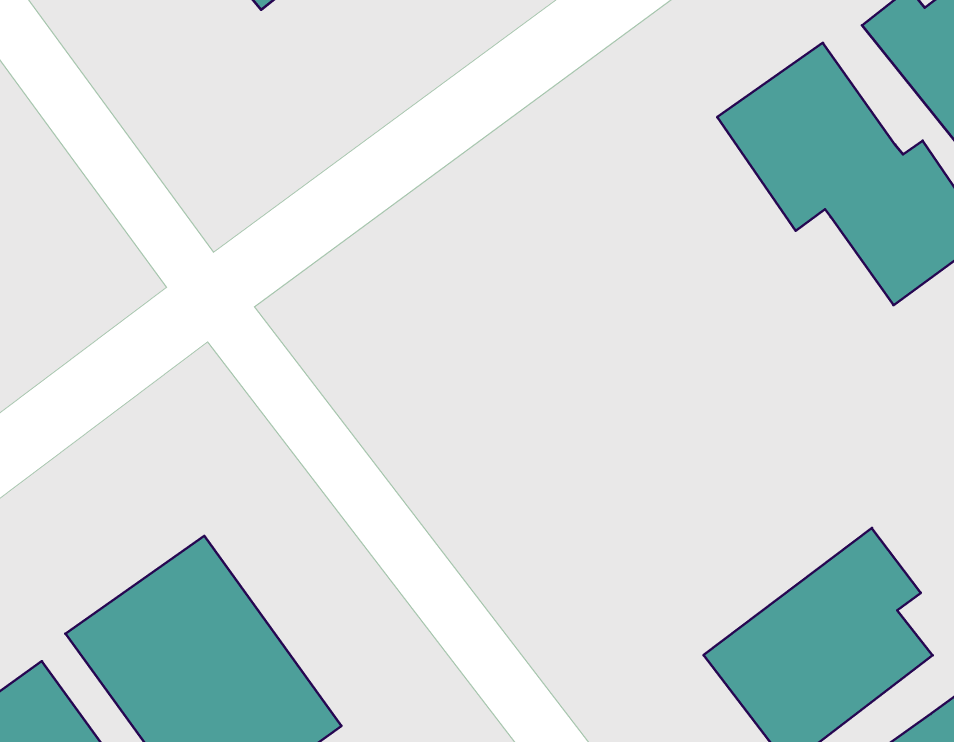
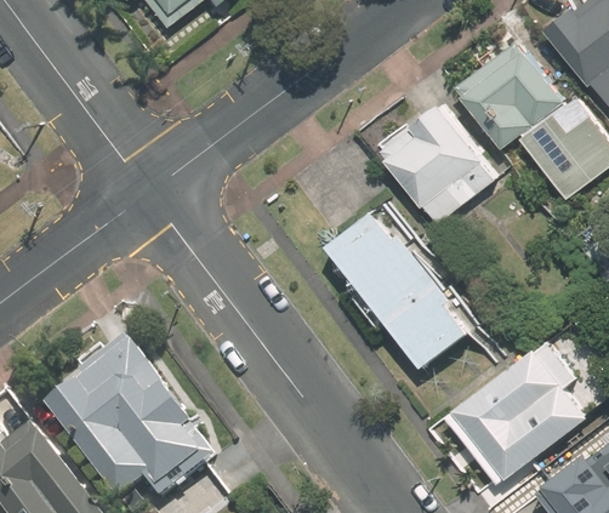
building: none -> [377,103,493,222]
building: none -> [324,201,471,366]

